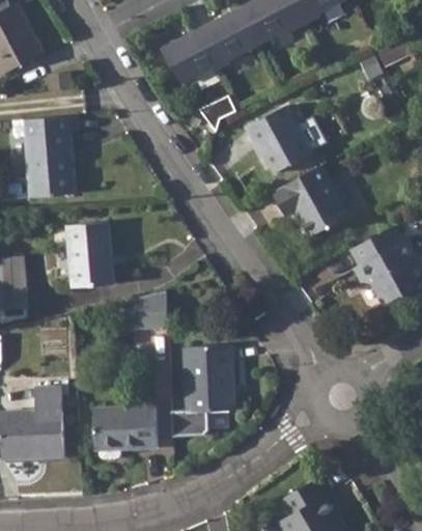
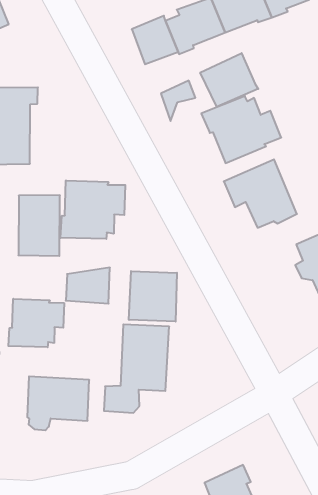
building: none -> [200,53,258,107]
building: none -> [61,180,125,239]
building: none -> [129,271,177,322]
building: none -> [8,299,64,347]

